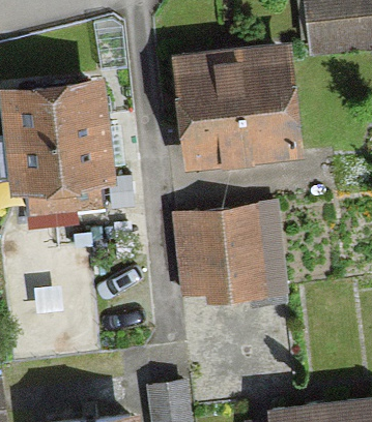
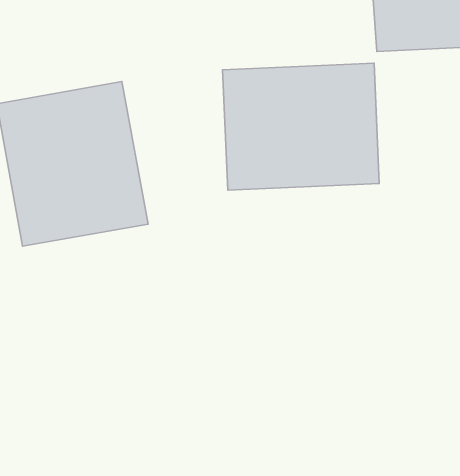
building: [167,202,279,305] -> none

